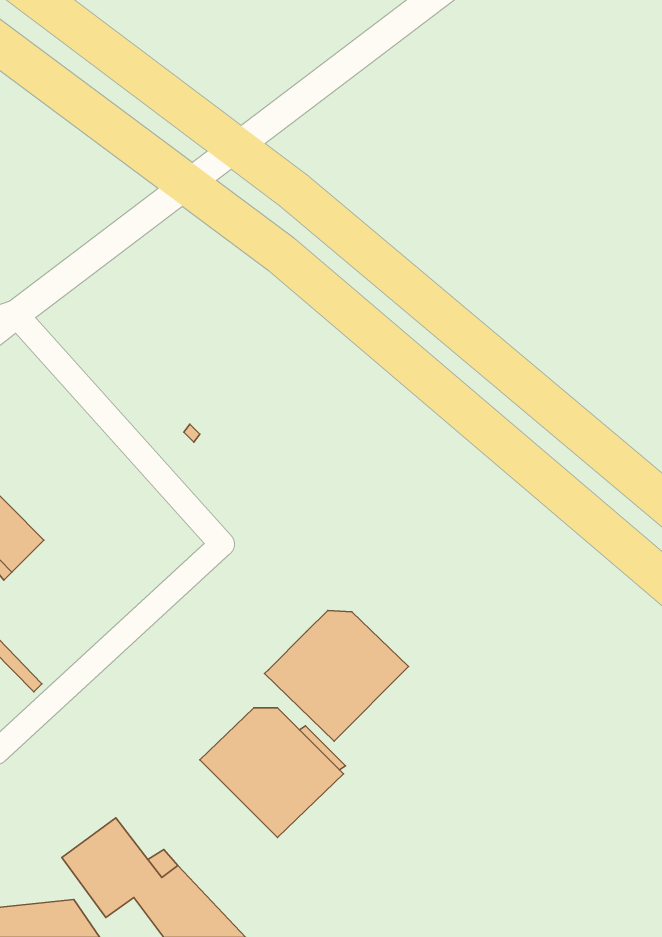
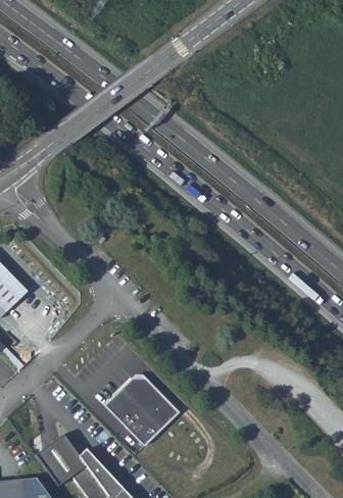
building: [265,611,409,741] -> none

